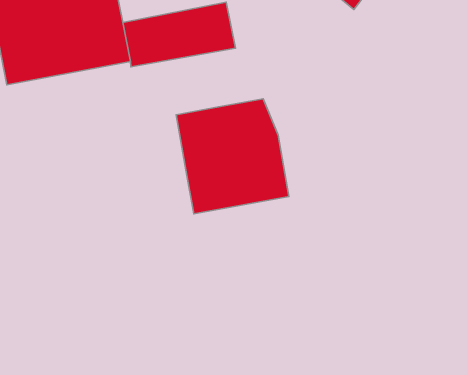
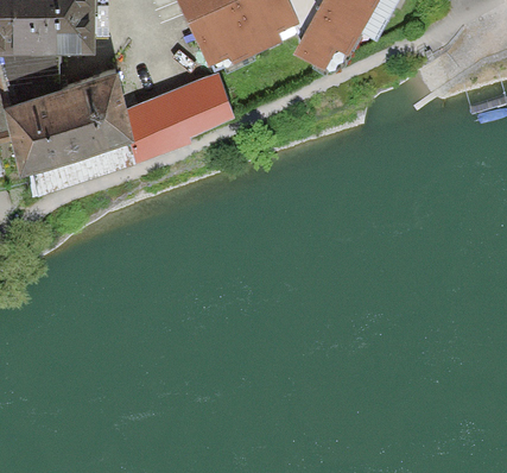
building: [176,99,289,214] -> none

